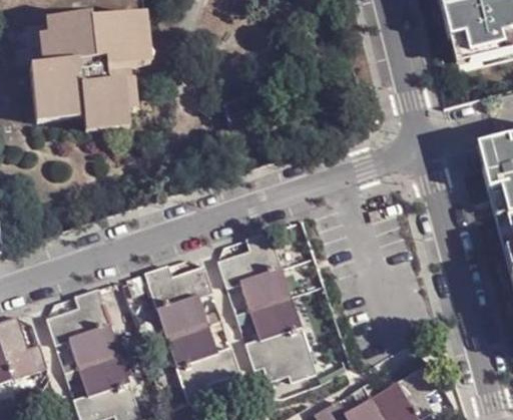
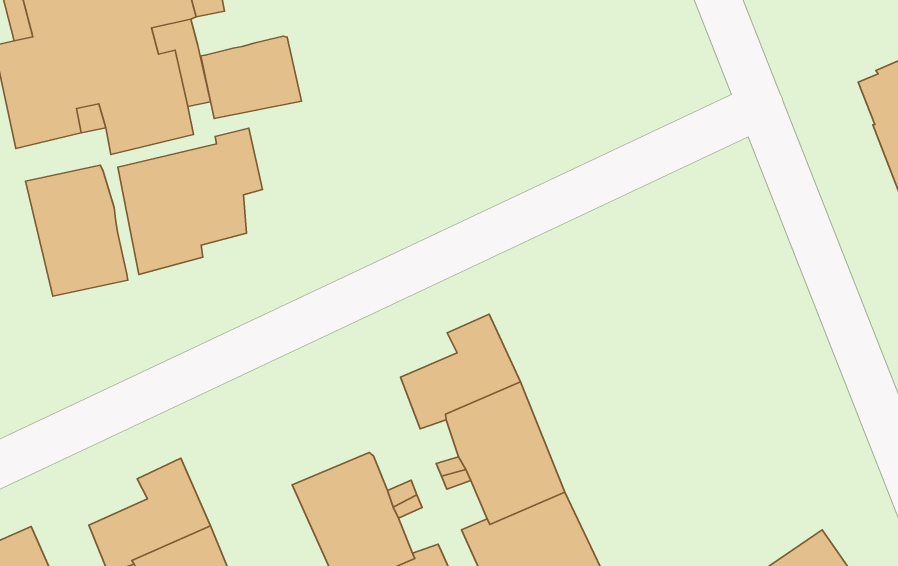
building: none -> [201,36,301,118]
building: none -> [118,128,262,275]
building: none -> [25,165,128,296]
building: [148,268,214,311] -> none

